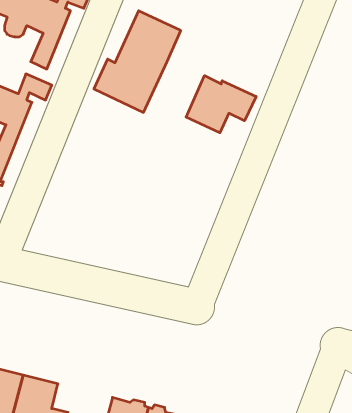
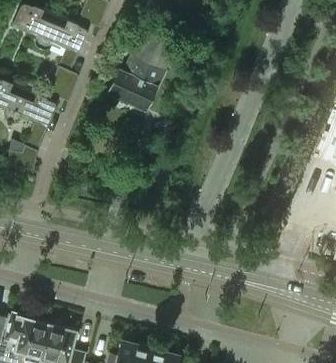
building: [186,76,256,133] -> none

